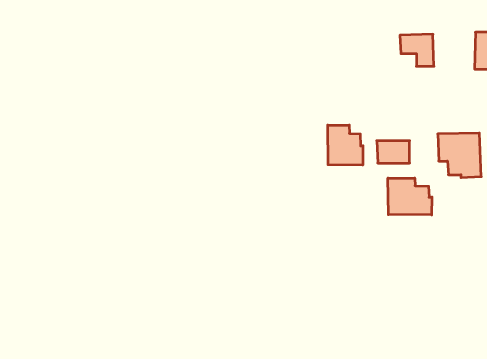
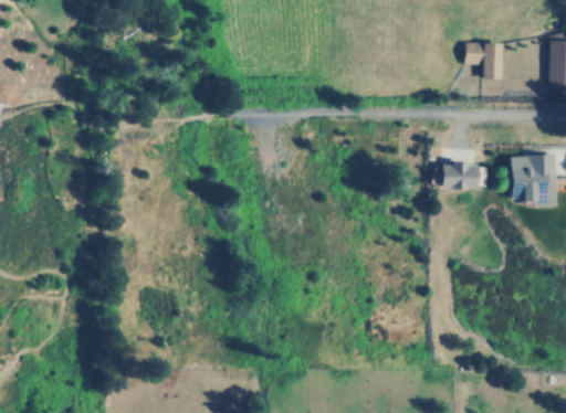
building: [328,125,363,165] -> none
building: [388,178,432,215] -> none

